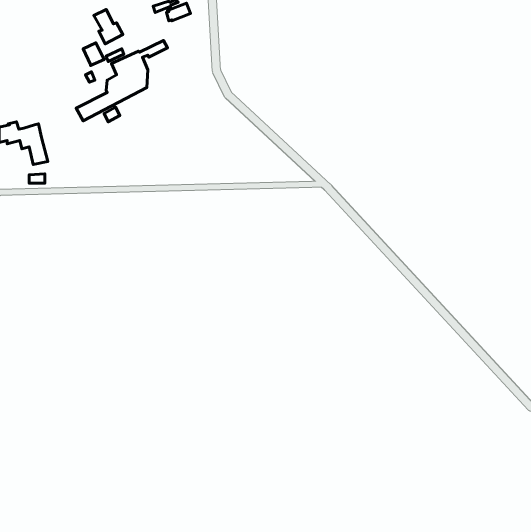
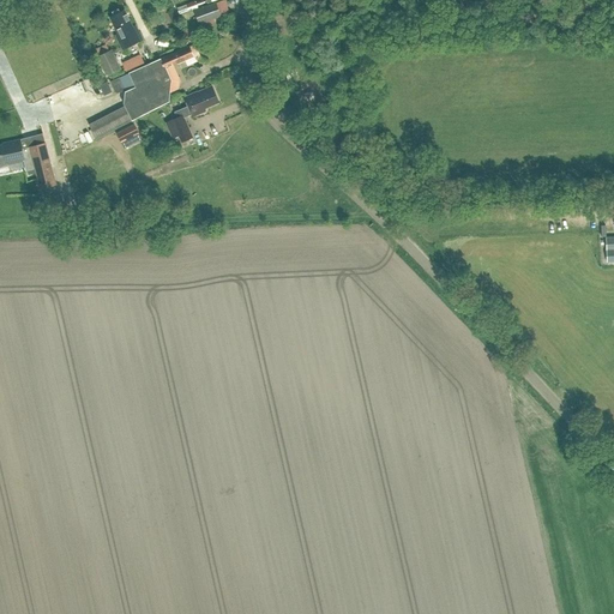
building: none -> [170,86,218,143]

